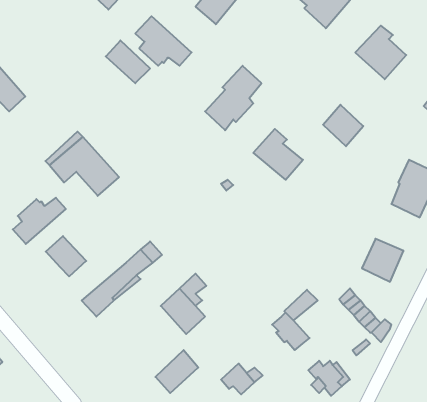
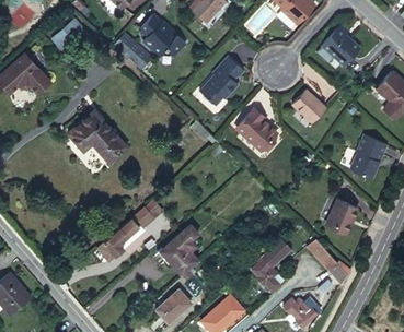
building: none -> [53,22,84,51]
building: [13,198,66,244] -> none
building: [46,236,86,276] -> none

